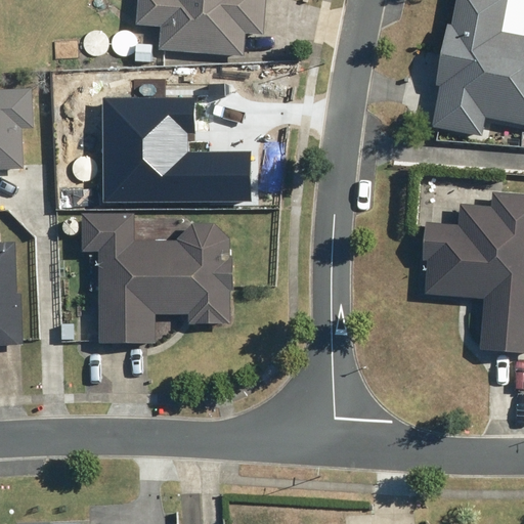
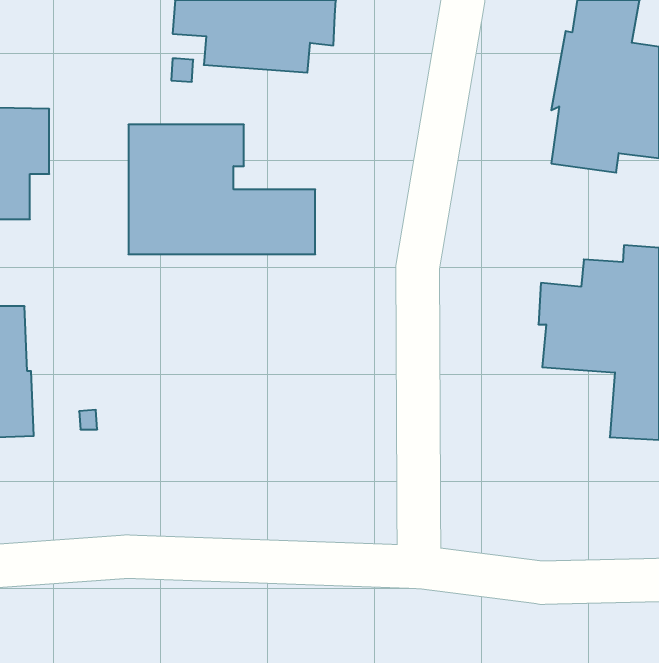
building: [79,213,237,344] -> none

